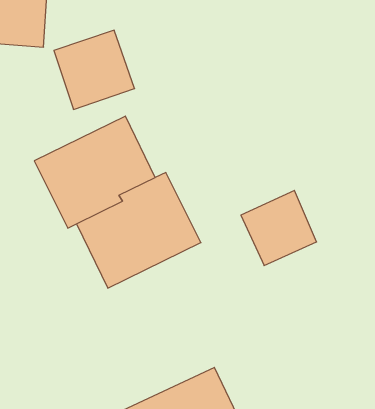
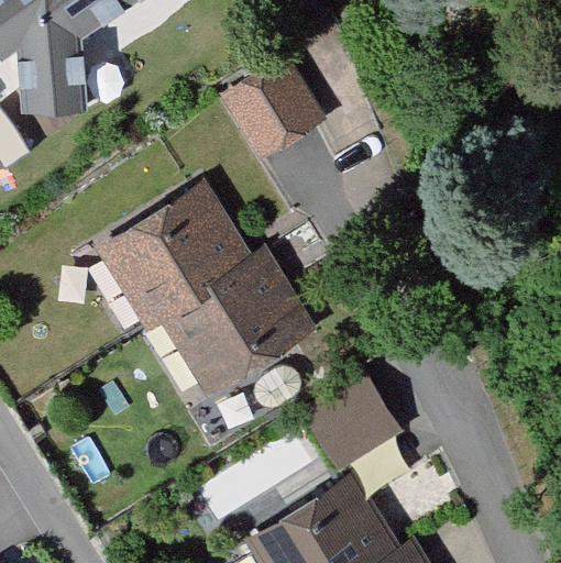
building: [54,30,135,109] -> [226,49,330,153]
building: [241,190,317,266] -> [311,364,408,461]

